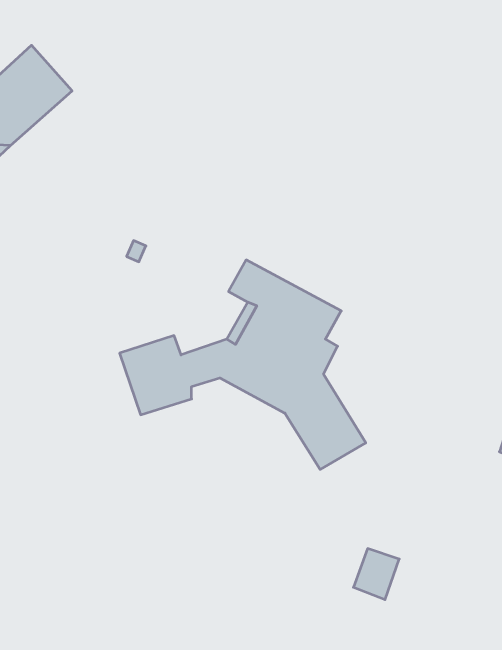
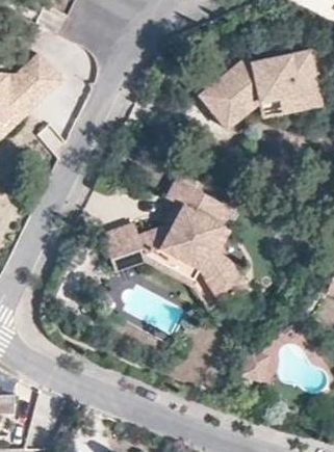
building: none -> [200,51,318,129]

